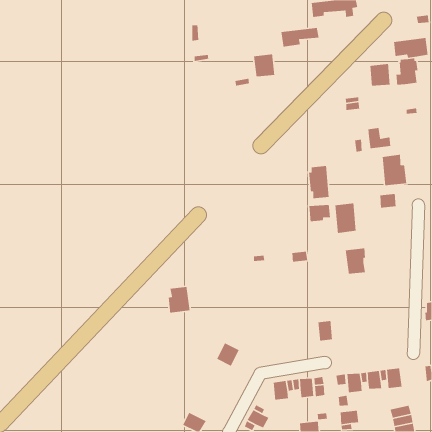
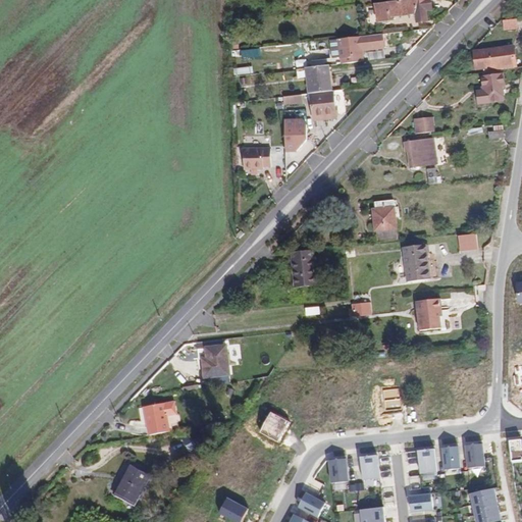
building: [369,63,391,87] -> none
building: none -> [310,91,335,117]
building: none -> [282,117,305,152]
building: none -> [243,147,270,168]
building: [367,127,391,149] -> [408,140,436,166]
building: [382,154,407,186] -> none
building: [309,204,331,222] -> none
building: none -> [291,250,315,286]
building: none -> [144,401,176,435]
building: none -> [116,466,147,501]

